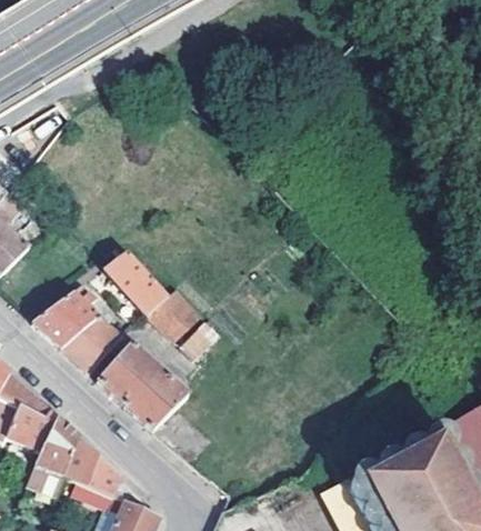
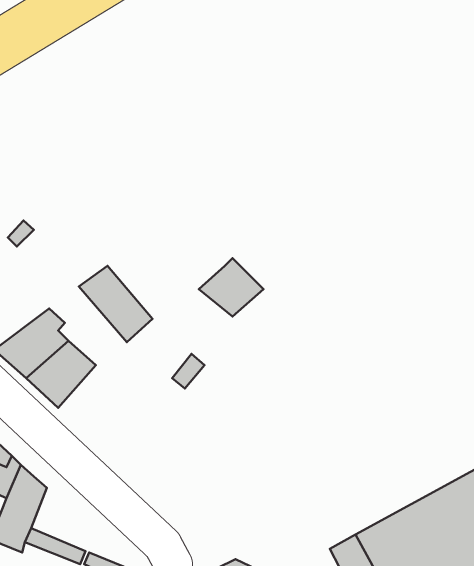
building: [147,289,202,339] -> [199,258,264,316]
building: [101,347,216,430] -> none
building: [64,441,118,495] -> none

